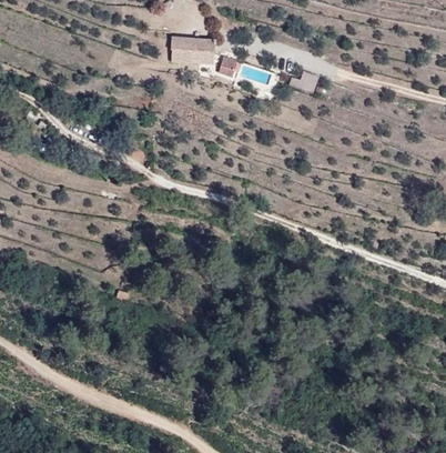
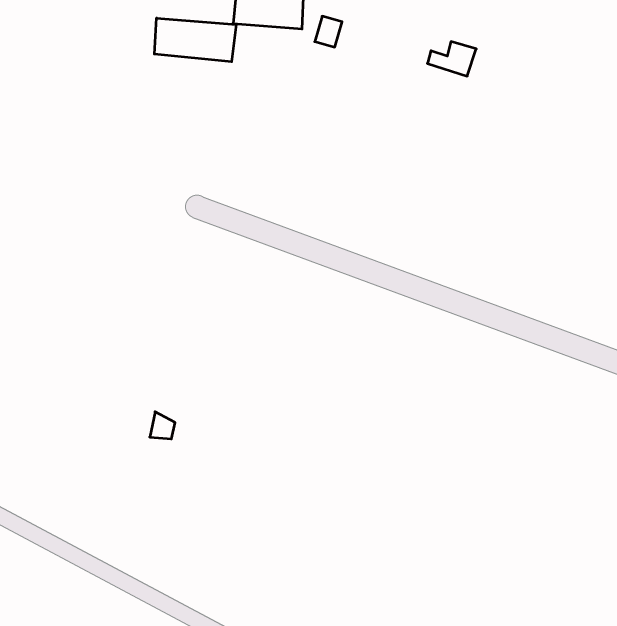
building: none -> [154,18,236,62]

